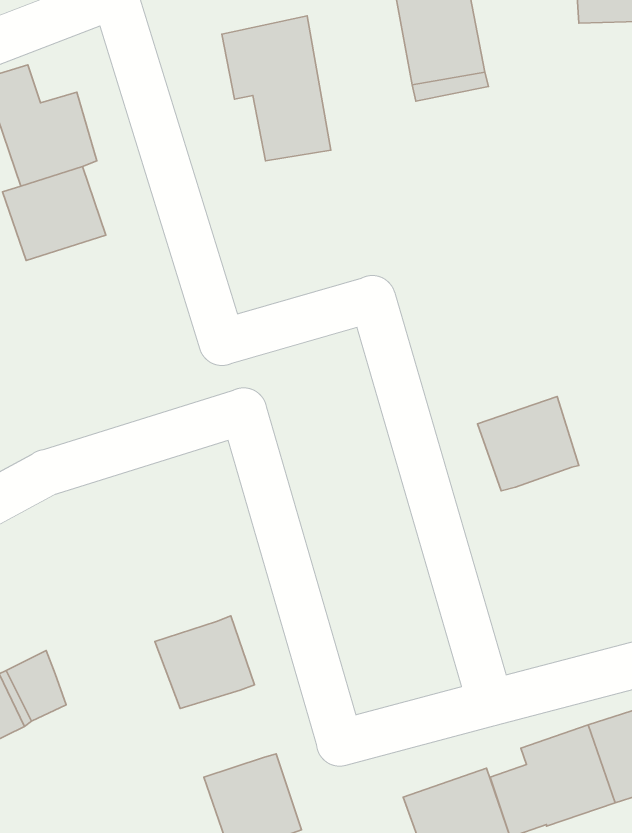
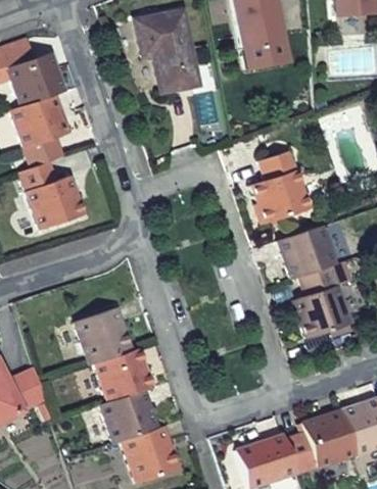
building: none -> [252,150,310,223]
building: none -> [19,161,84,230]
building: none -> [294,264,351,339]
building: none -> [76,307,132,364]
building: none -> [102,390,158,442]

